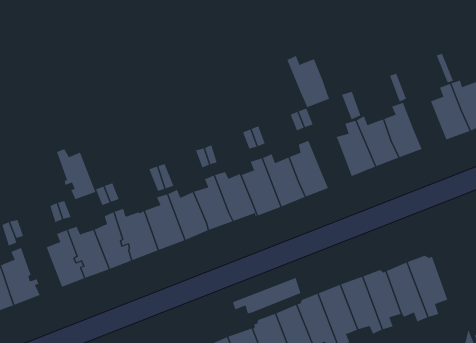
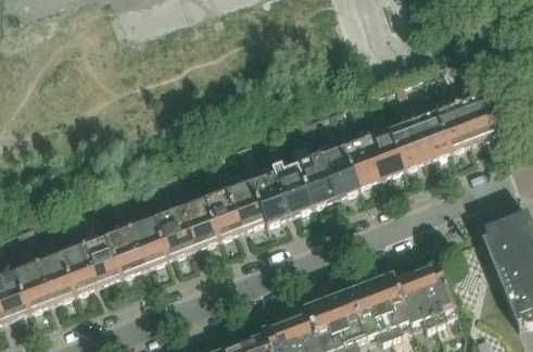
building: [287,55,330,108] -> [319,146,361,197]
building: none -> [411,109,453,159]
building: [56,149,96,200] -> [39,251,78,301]
building: [232,277,301,314] -> none

